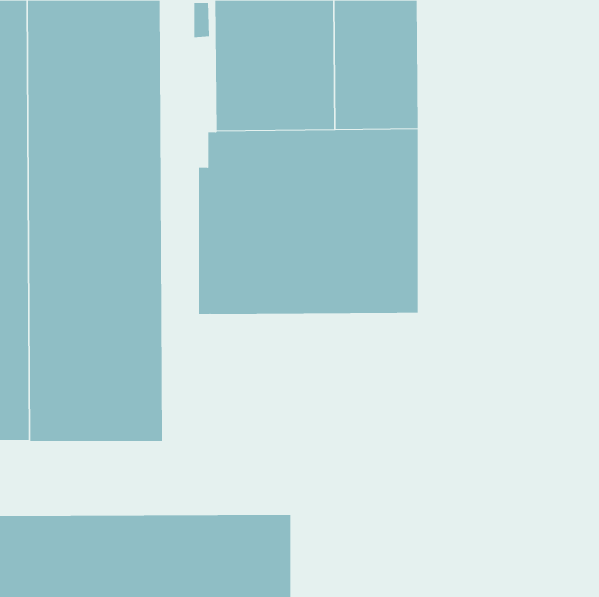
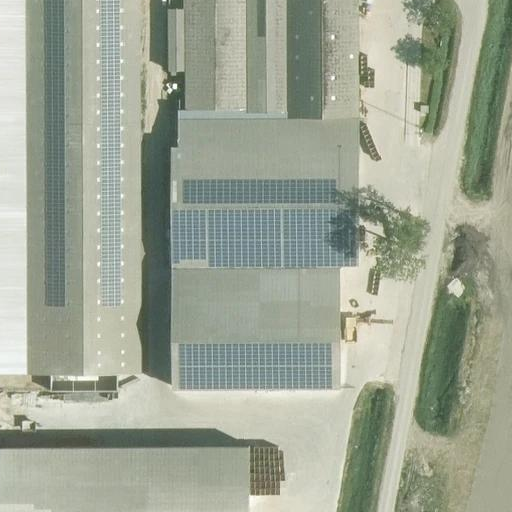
building: none -> [168,270,337,391]

